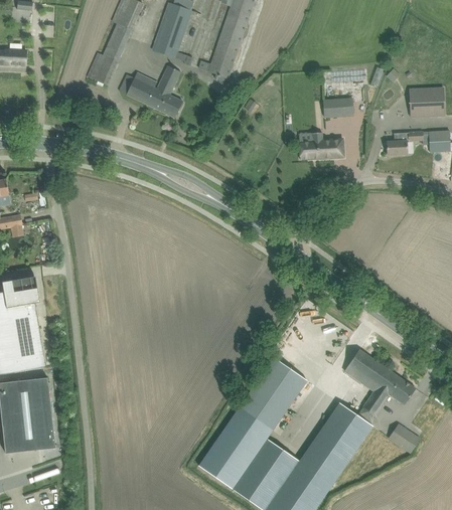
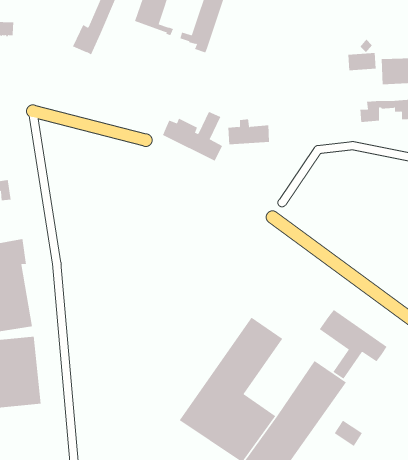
building: [119,65,182,118] -> [162,111,223,161]
building: [322,98,352,117] -> [347,52,376,71]
building: [299,132,343,159] -> [227,119,270,145]
building: [389,423,419,452] -> [334,420,363,447]

